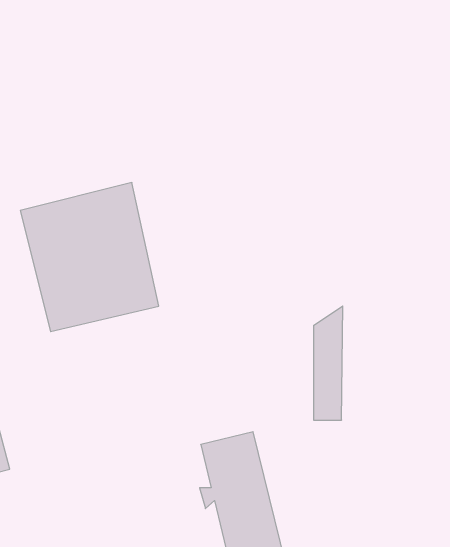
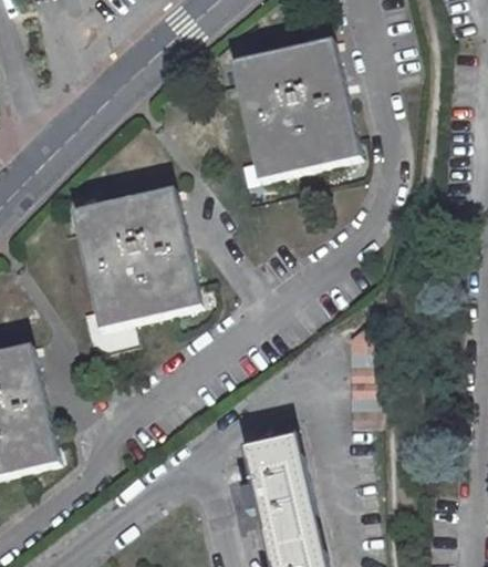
building: none -> [230,30,363,173]

